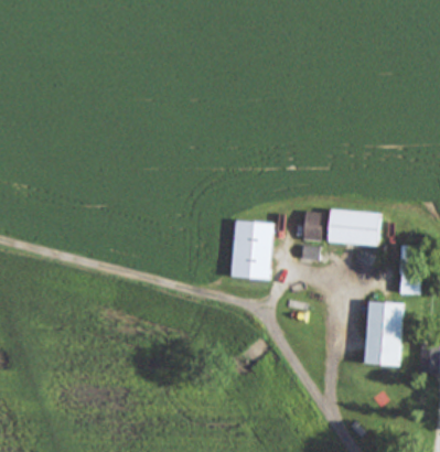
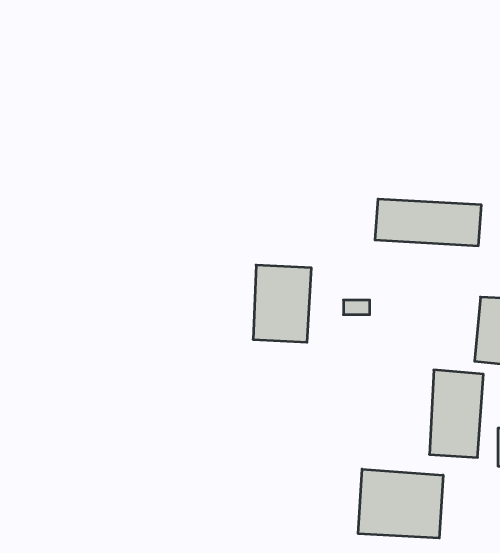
building: [303,209,384,245] -> [375,199,481,246]
building: none -> [358,469,443,538]

